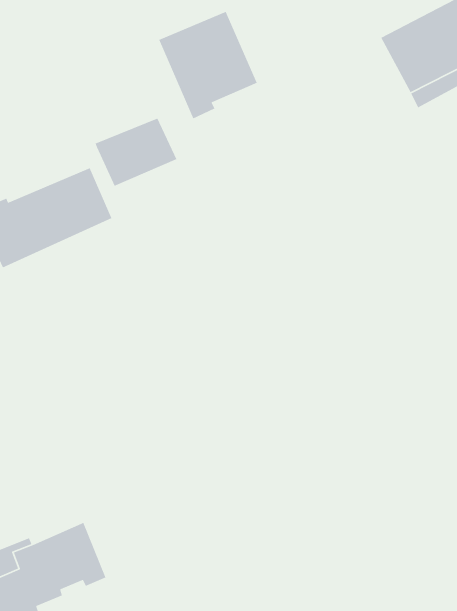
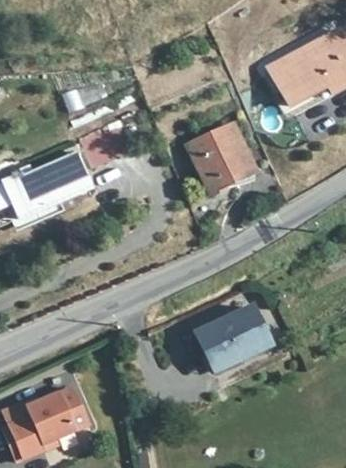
building: [158,11,258,119] -> [187,123,253,195]
building: none -> [195,304,268,369]

